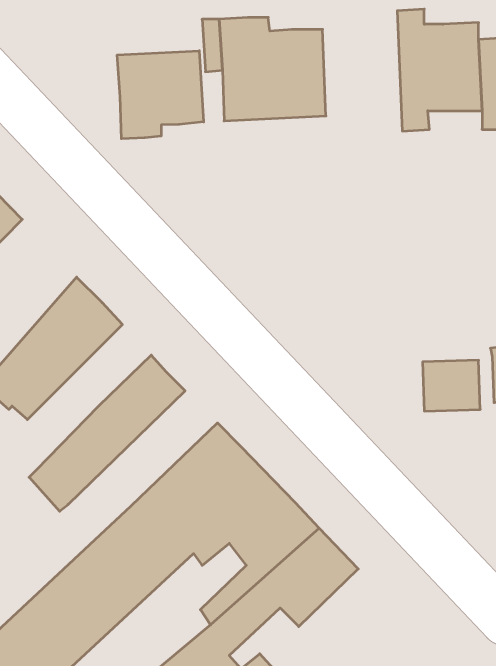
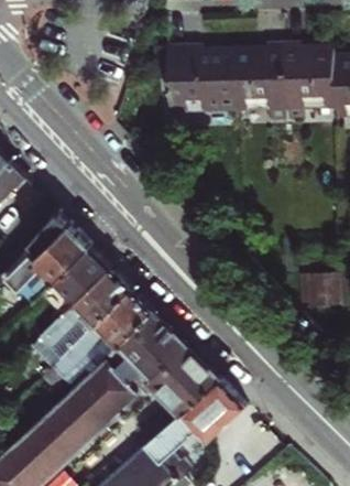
building: none -> [221,44,273,123]
building: [117,51,204,139] -> none
building: none -> [57,248,110,301]
building: none -> [47,291,153,381]

